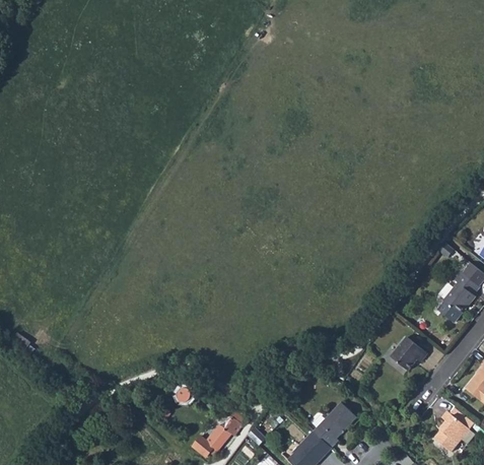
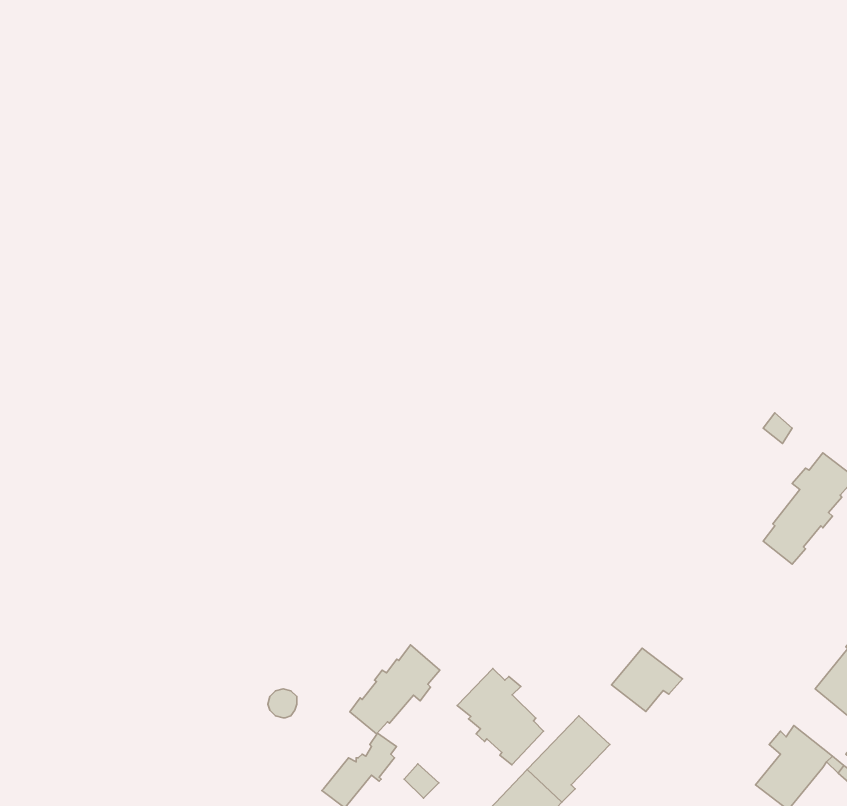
building: [390,337,427,371] -> [611,648,682,712]
building: none -> [350,645,440,734]
building: none -> [457,668,544,765]

